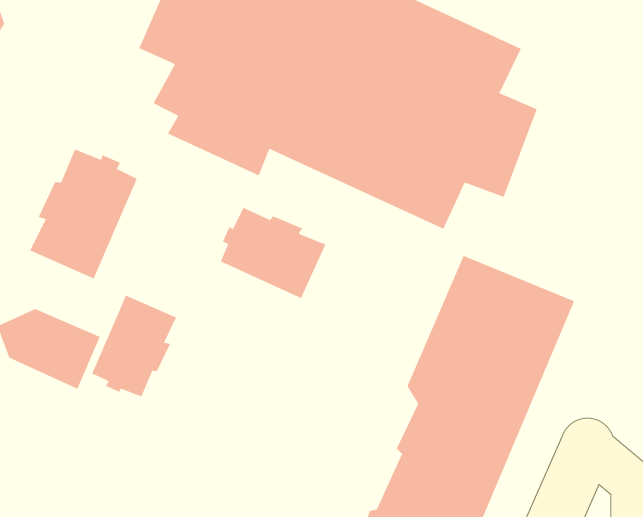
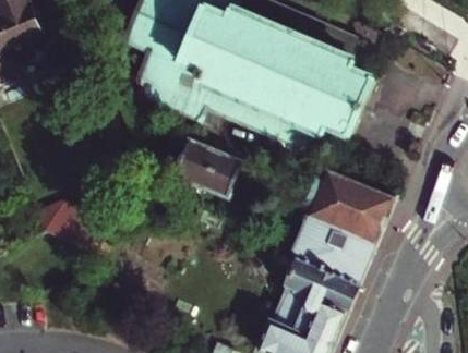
building: [29,149,138,279] -> none
building: [91,295,177,398] -> none

